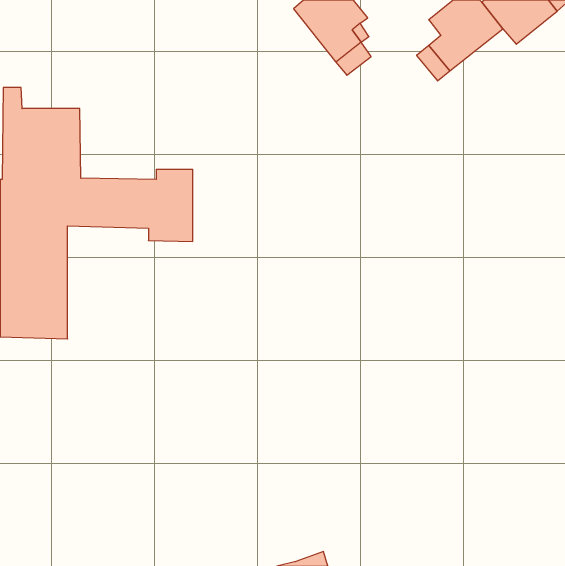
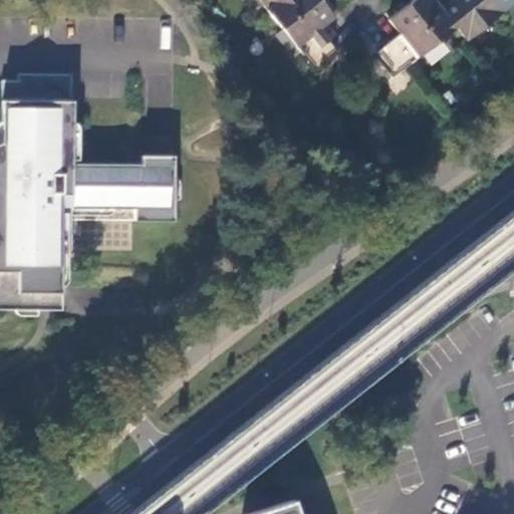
building: none -> [20,72,73,98]

